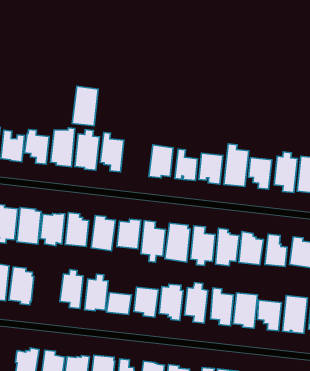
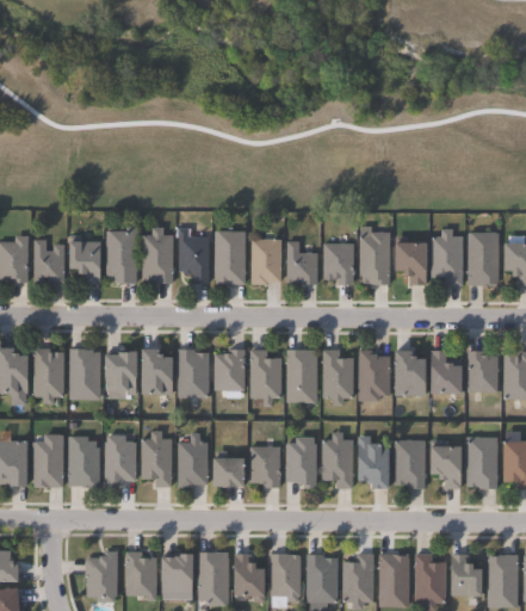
building: [72,86,98,126] -> [214,229,246,284]
building: none -> [105,436,135,487]

